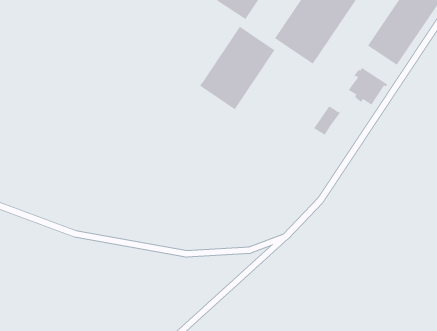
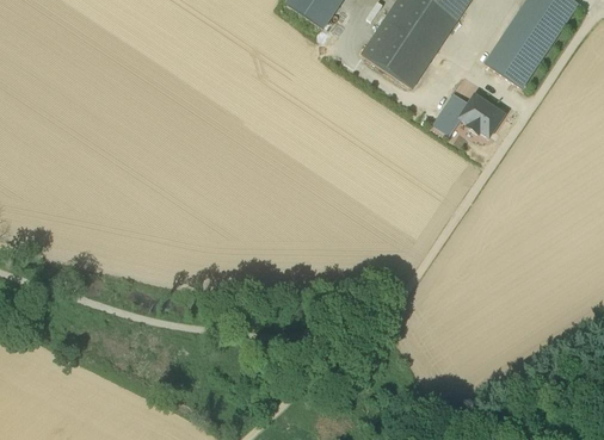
building: [199,26,275,110] -> none
building: [313,106,341,136] -> [433,94,469,134]

